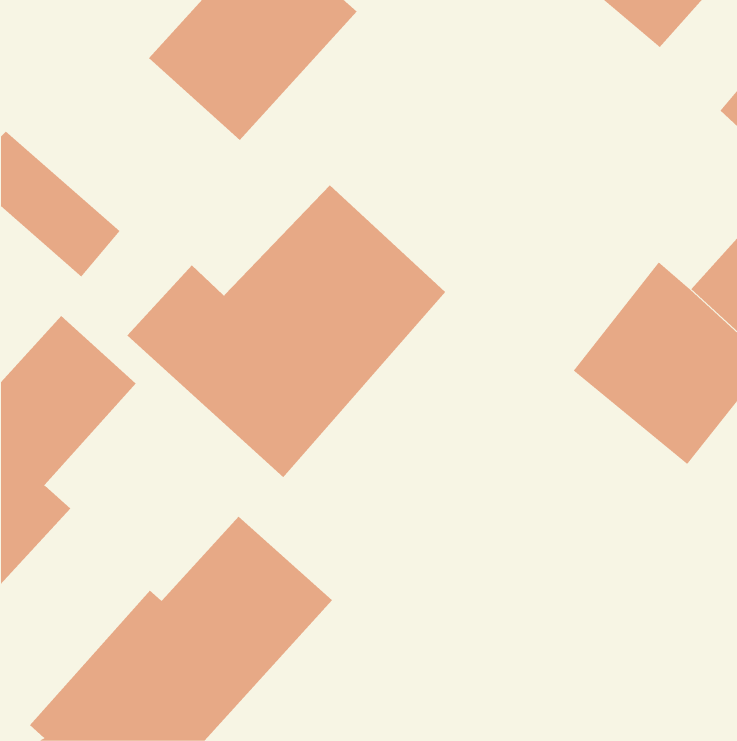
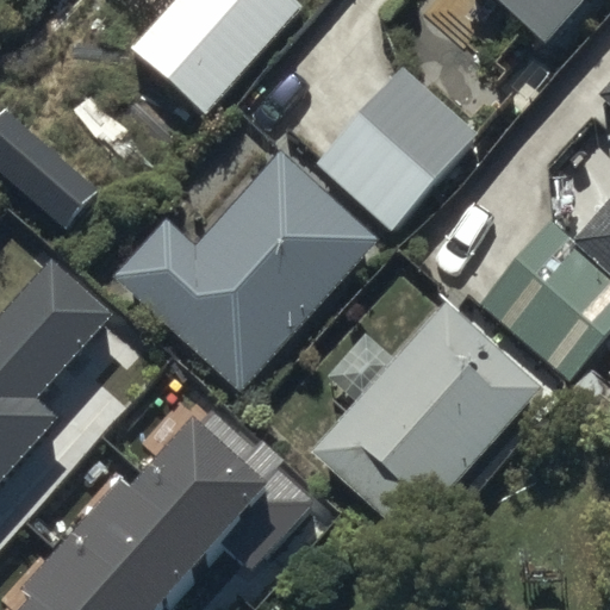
building: none -> [315,68,477,231]
building: none -> [309,299,539,534]

